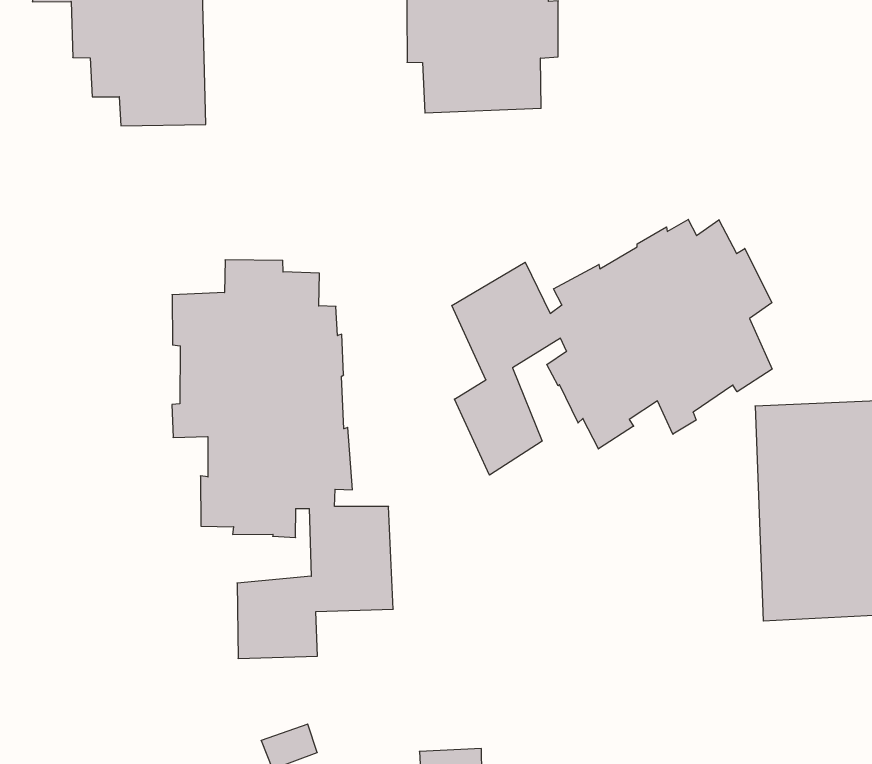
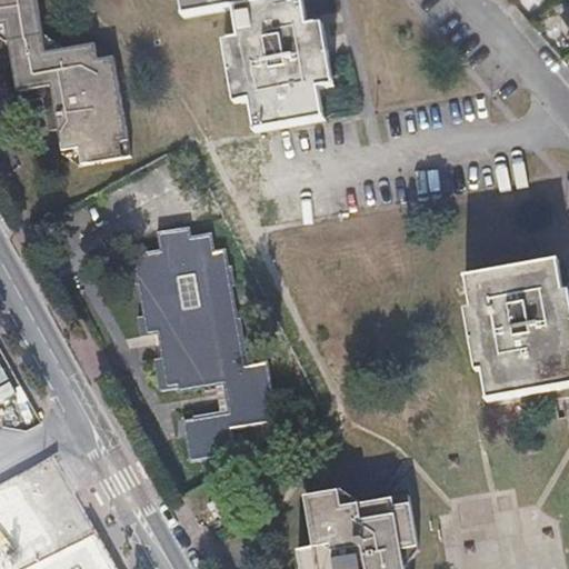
building: [452,219,772,475] -> none

